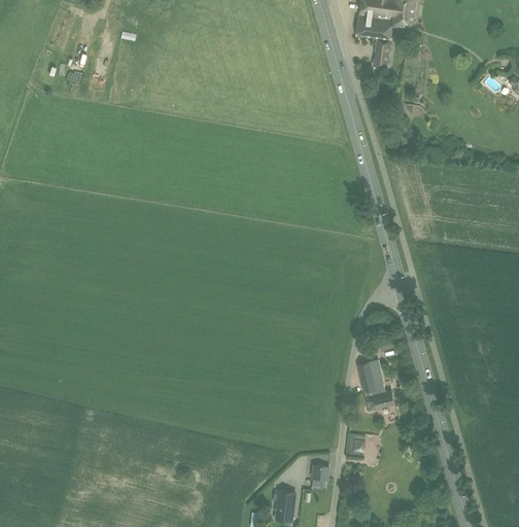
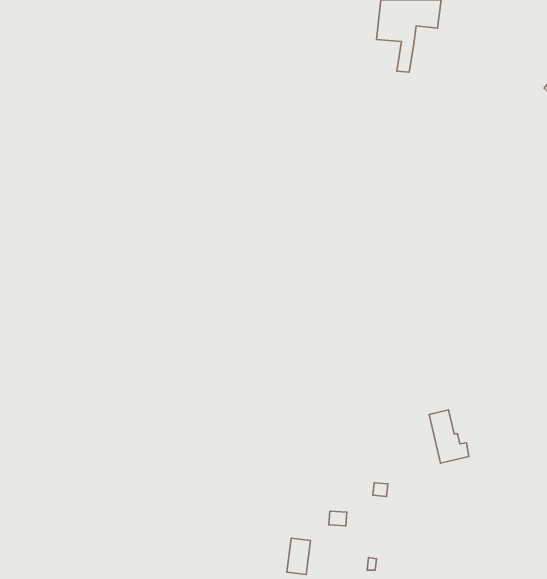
building: [357,360,393,409] -> [429,410,469,463]

